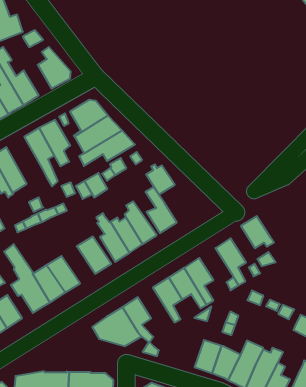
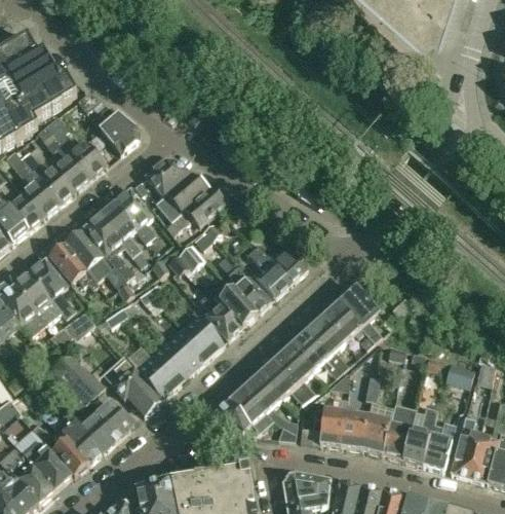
building: none -> [83,214,141,279]
building: [146,164,175,195] -> [272,248,307,282]
building: [241,216,274,248] -> [323,303,364,340]
building: none -> [165,329,207,371]
building: none -> [261,361,308,402]
building: none -> [319,407,345,444]

